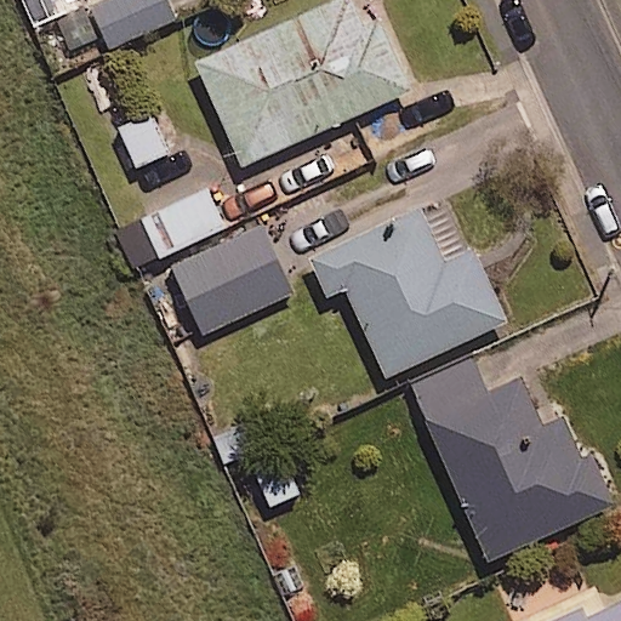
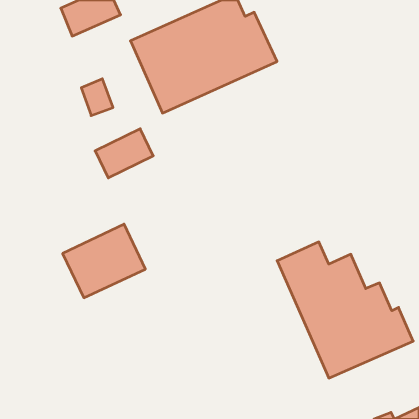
building: [307,206,506,376] -> none
building: [171,229,294,338] -> [63,224,145,298]

